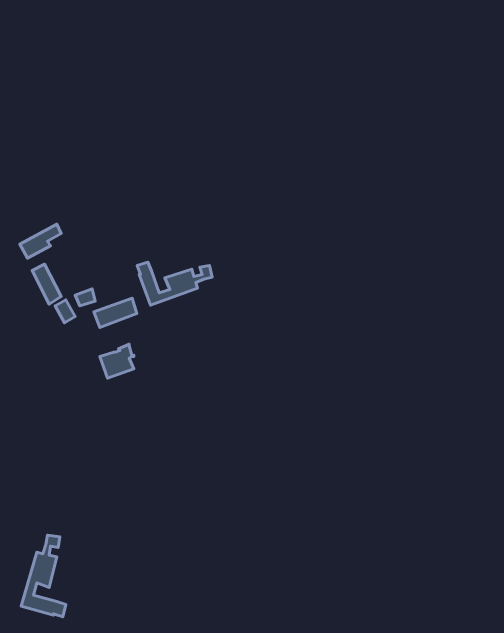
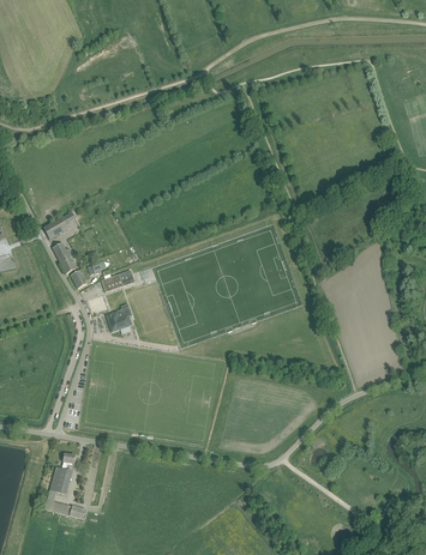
building: [137,262,212,305] -> none

